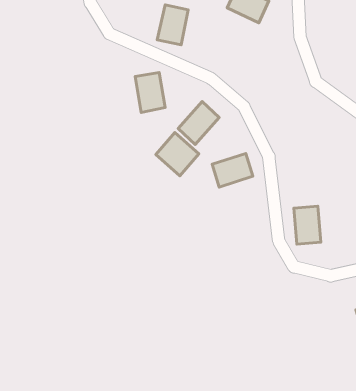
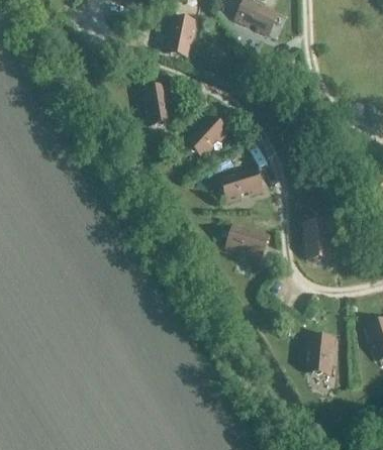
building: [156,133,199,176] -> none
building: none -> [227,223,269,257]
building: none -> [307,334,334,372]

